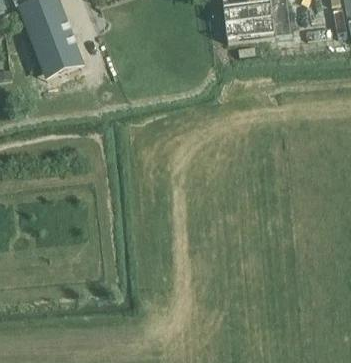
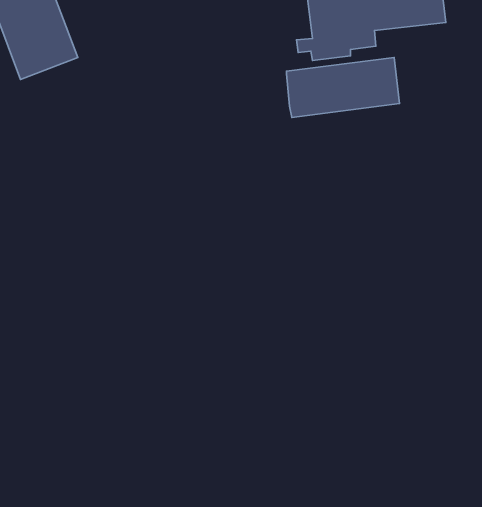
building: none -> [286,57,399,117]

